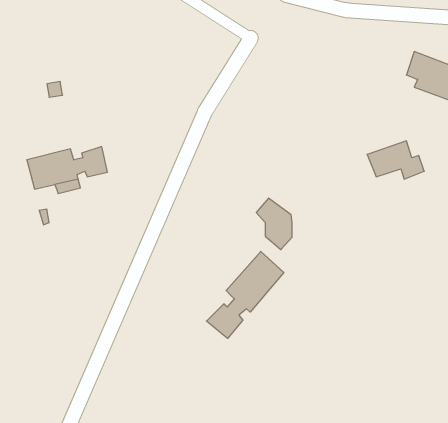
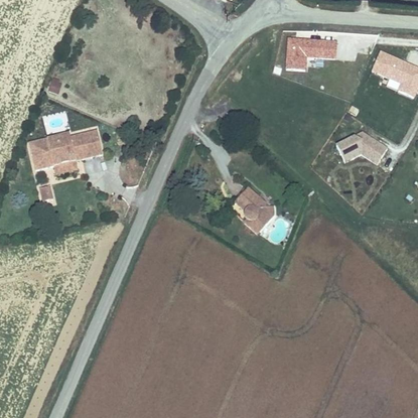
building: none -> [285,36,336,71]
building: [206,251,284,338] -> none

